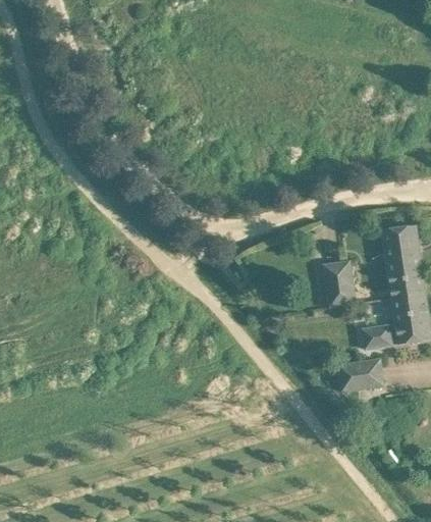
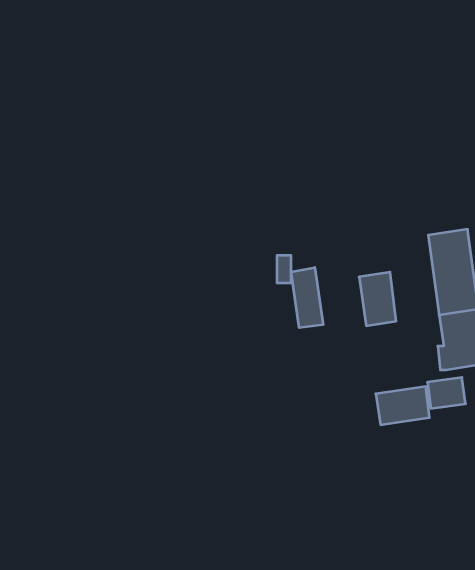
building: none -> [291,267,323,328]
building: [359,323,391,350] -> [427,377,466,408]

